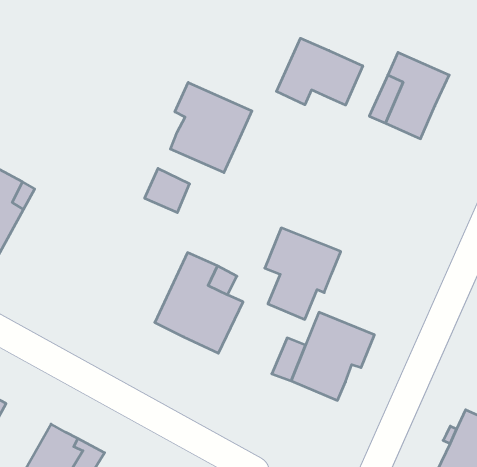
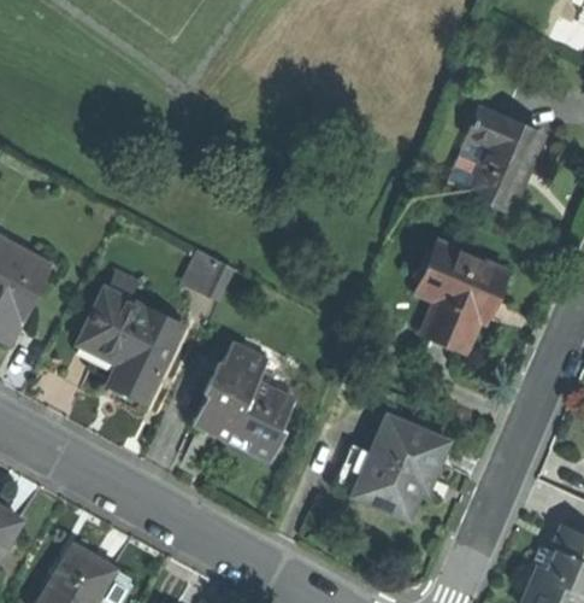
building: [276,38,363,105] -> none
building: [170,82,252,173] -> none
building: none -> [79,291,183,403]
building: [265,228,341,319] -> [414,242,503,350]

